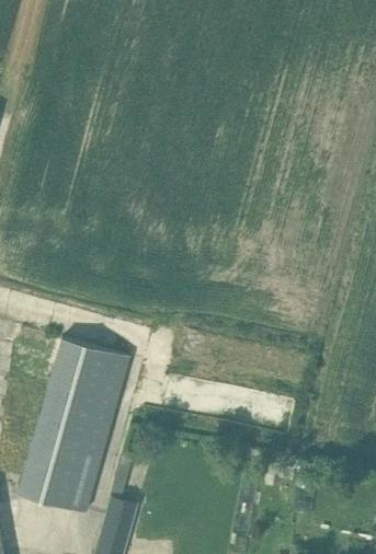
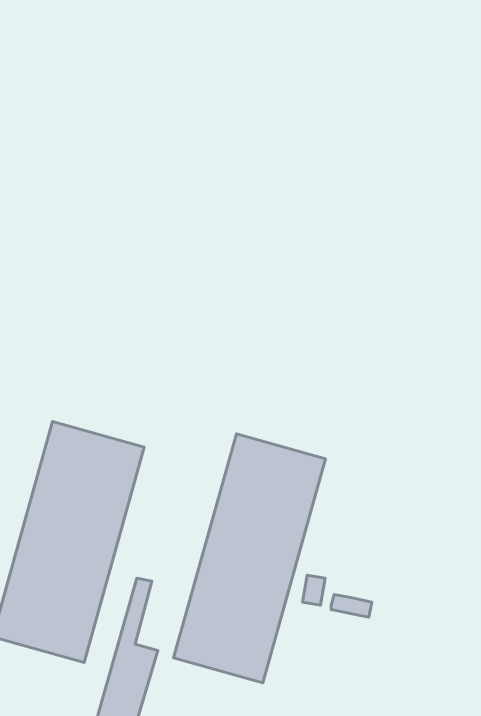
building: none -> [174,434,325,683]

